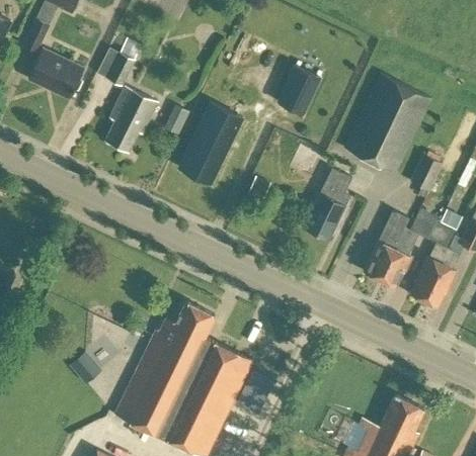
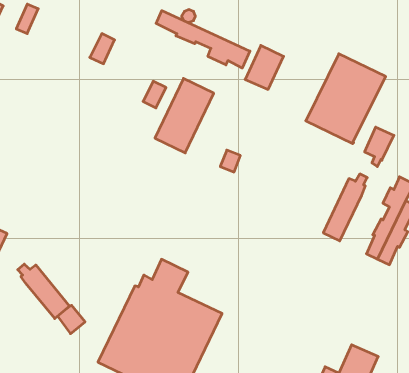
building: none -> [156,11,250,68]
building: [28,49,84,99] -> none
building: [105,86,158,153] -> none
building: [303,168,353,241] -> none
building: [382,209,440,287] -> none
building: none -> [18,264,69,319]

